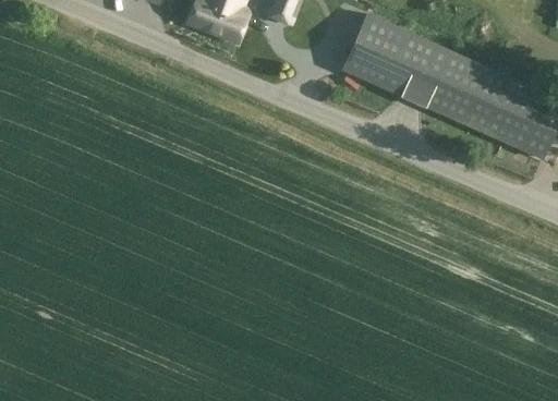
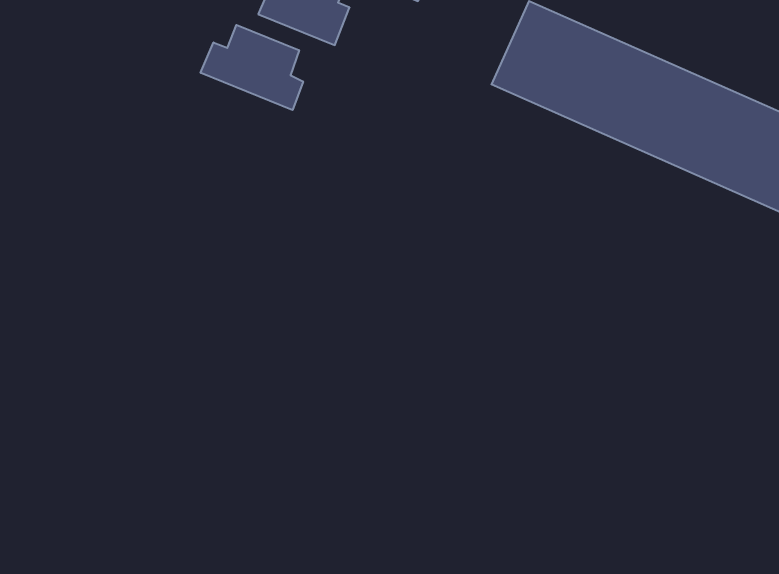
building: none -> [201,25,303,110]

